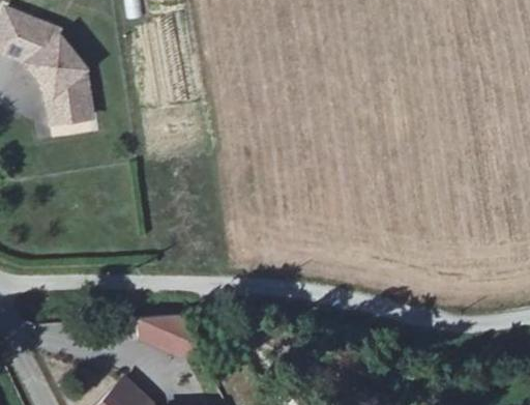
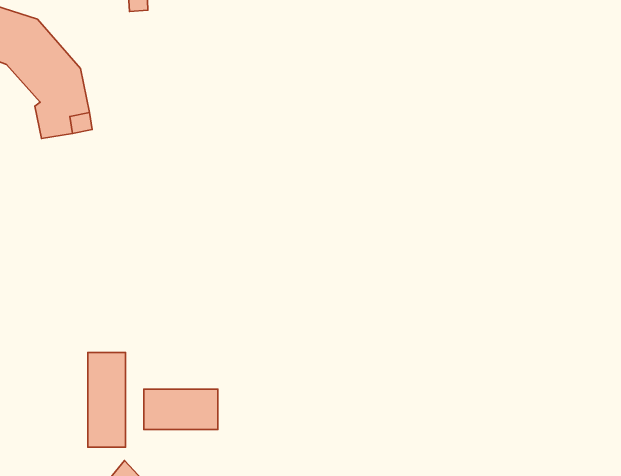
building: none -> [88,353,125,447]

